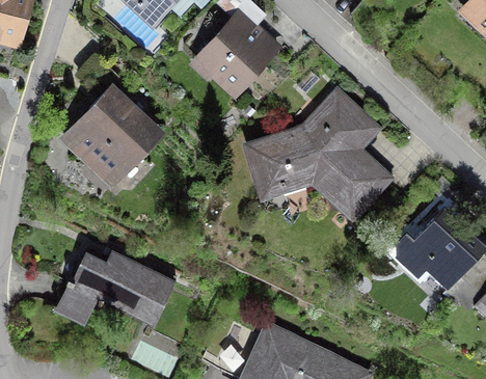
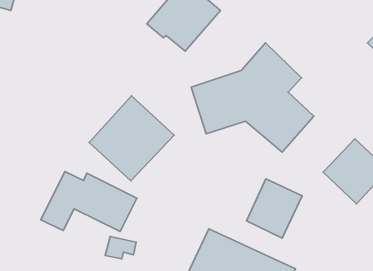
building: [60,84,166,190] -> [89,96,174,181]
building: none -> [246,179,302,238]

